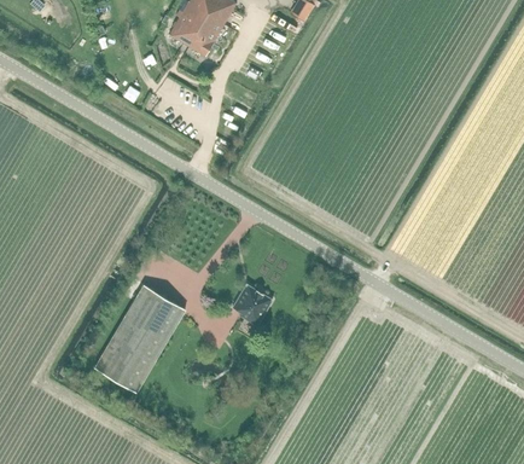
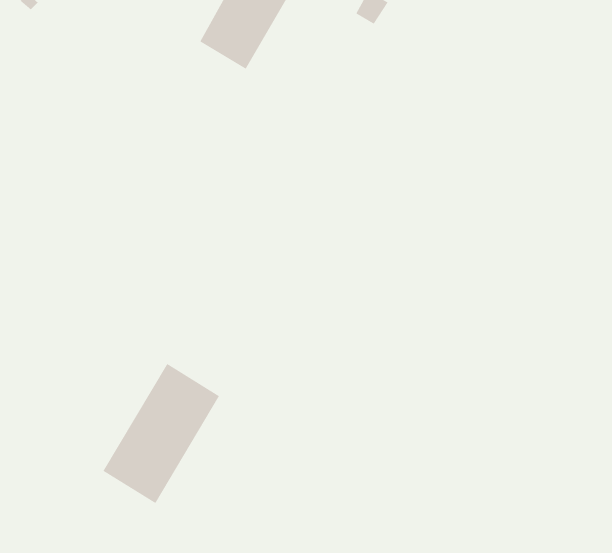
building: [232,284,273,325] -> none

